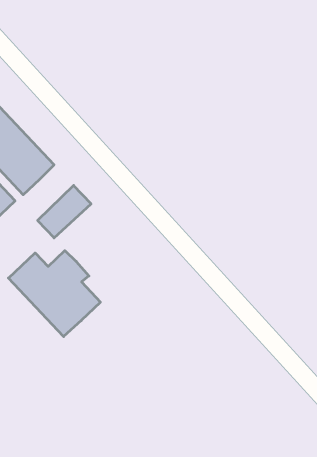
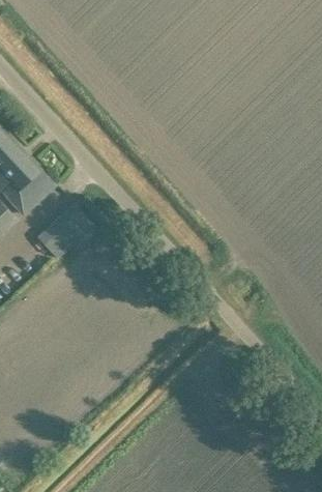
building: [8,251,100,337] -> none

